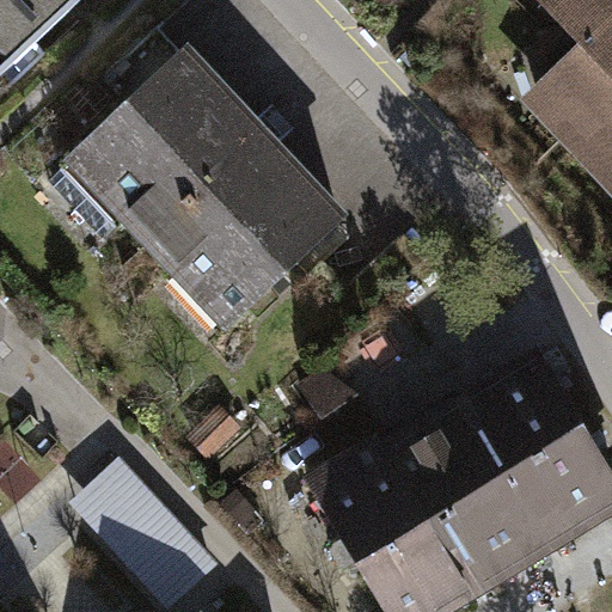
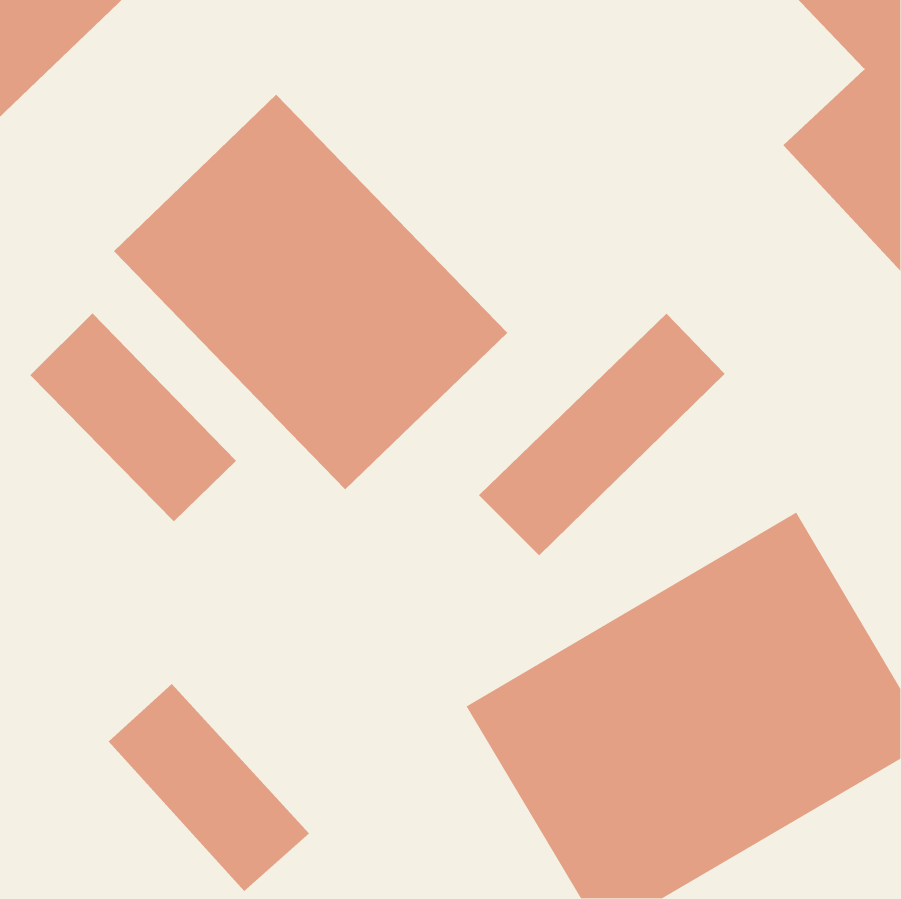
building: none -> [30,312,237,522]
building: none -> [478,313,725,556]

